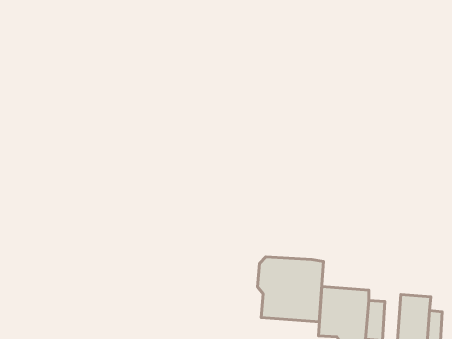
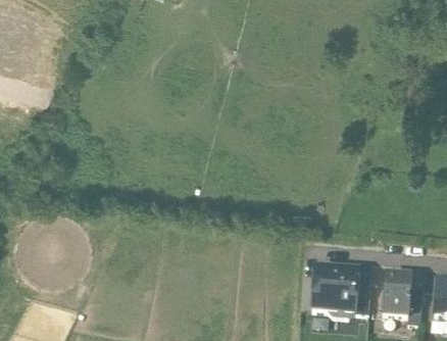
building: [257,257,324,322] -> none

